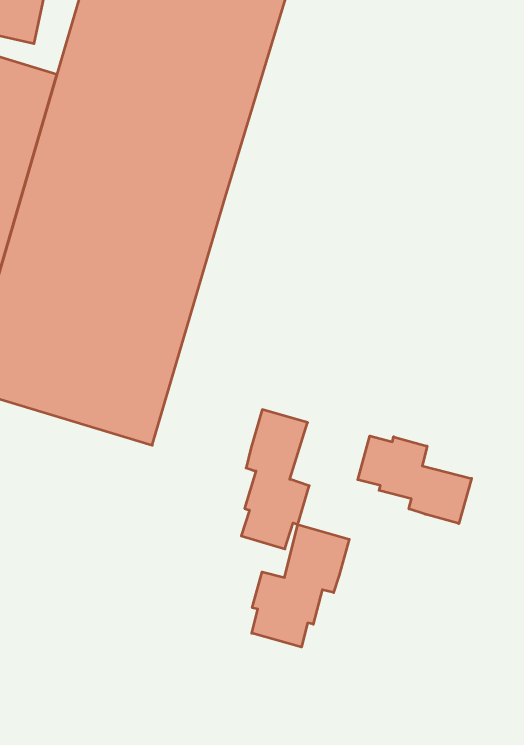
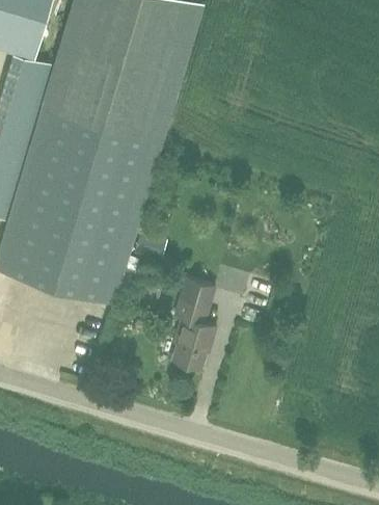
building: [358,436,472,524] -> none
building: [252,525,349,647] -> none

